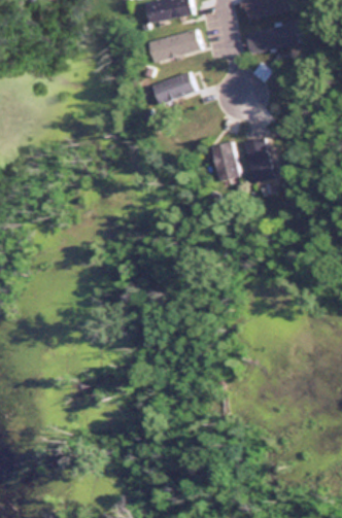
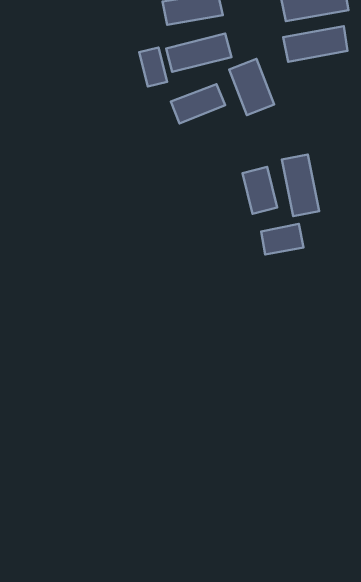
building: none -> [139,48,167,86]
building: none -> [229,59,274,115]
building: none -> [261,224,304,254]

